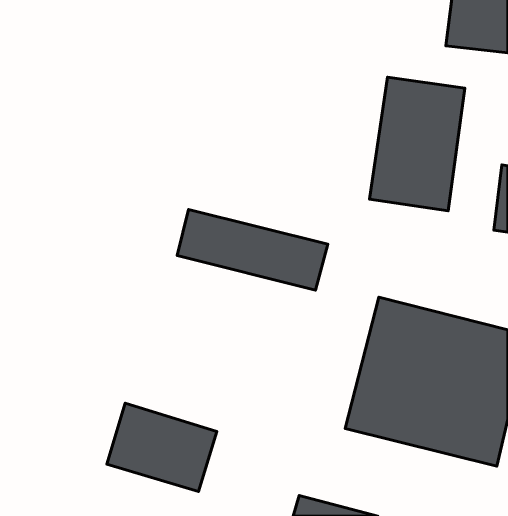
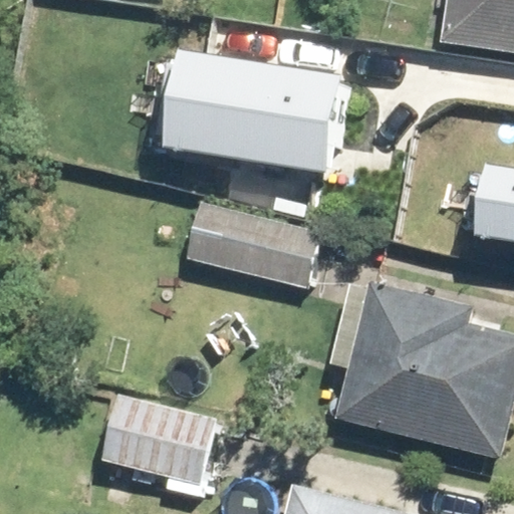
building: none -> [160,47,352,168]
building: [370,77,465,211] -> none

